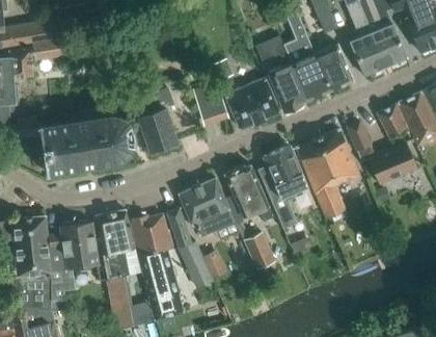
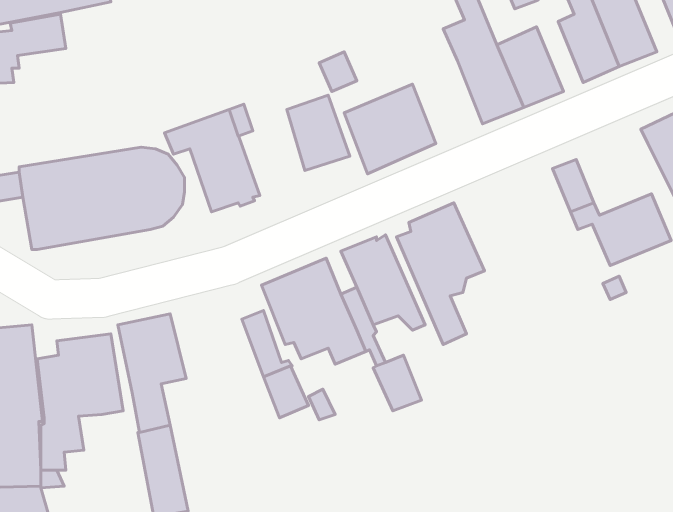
building: [255,36,306,112] -> none
building: [377,105,407,137] -> none
building: [296,130,358,218] -> none
building: [130,215,184,320] -> none

